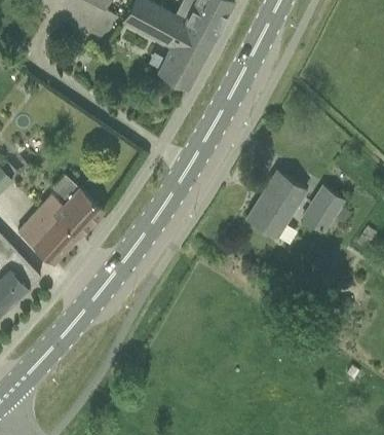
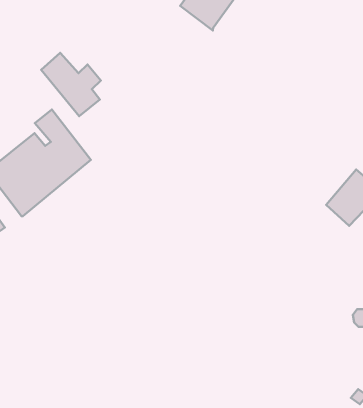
building: none -> [41,53,101,116]
building: [246,172,307,245] -> none

